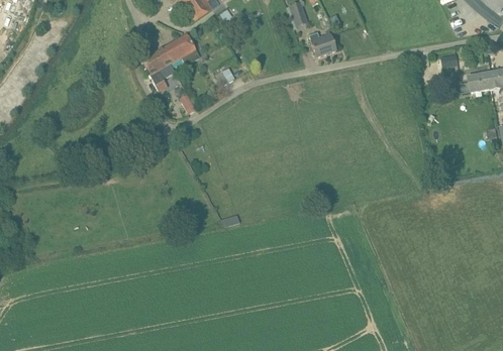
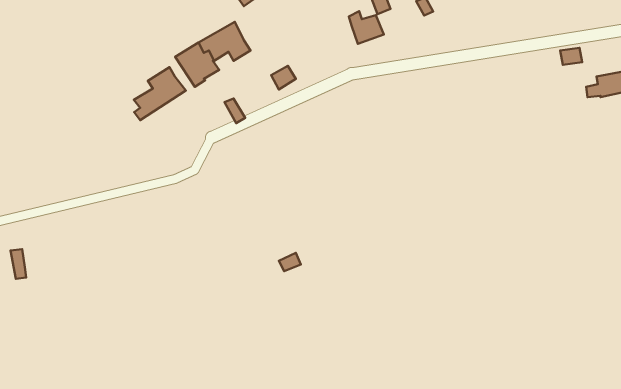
building: [309,30,336,55] -> [349,11,384,44]
building: none -> [134,67,186,120]

